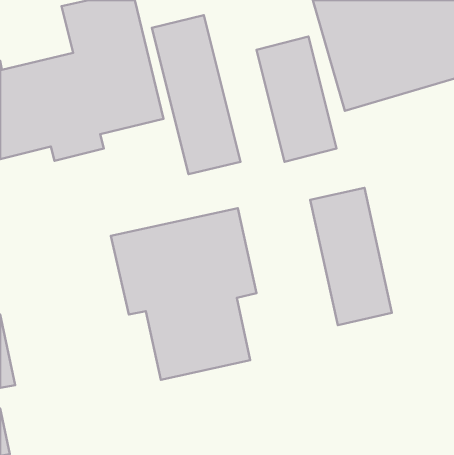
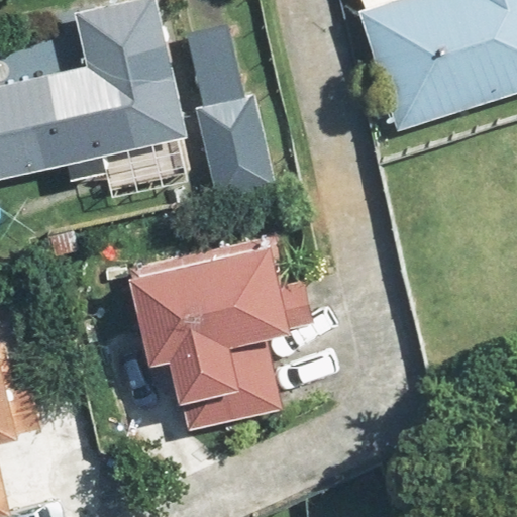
building: [257,36,336,162] -> none
building: [310,188,392,325] -> none

